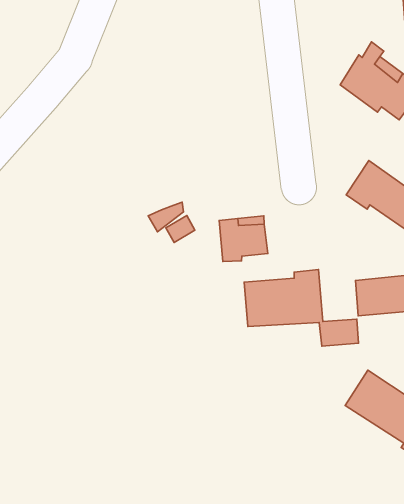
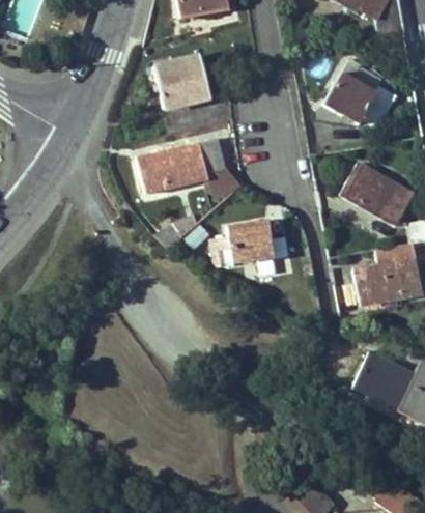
building: none -> [152,57,208,110]
building: none -> [138,140,224,193]
building: [244,270,359,346] -> none

